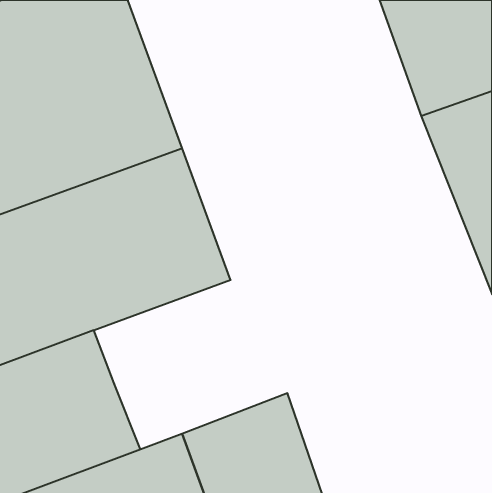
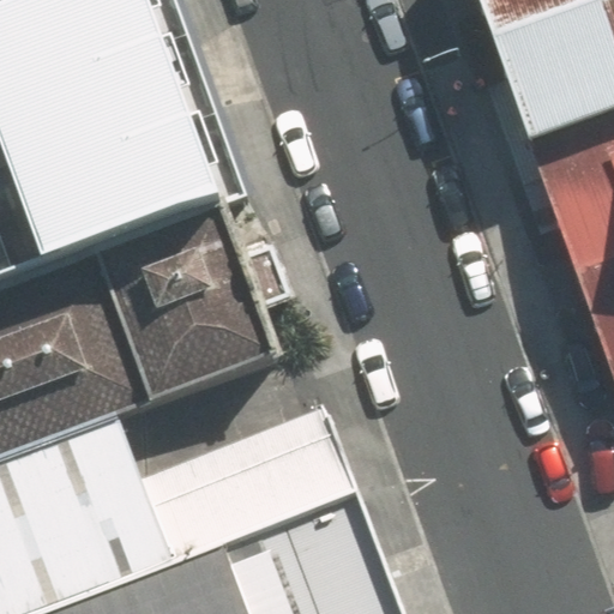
building: none -> [142,407,356,559]

